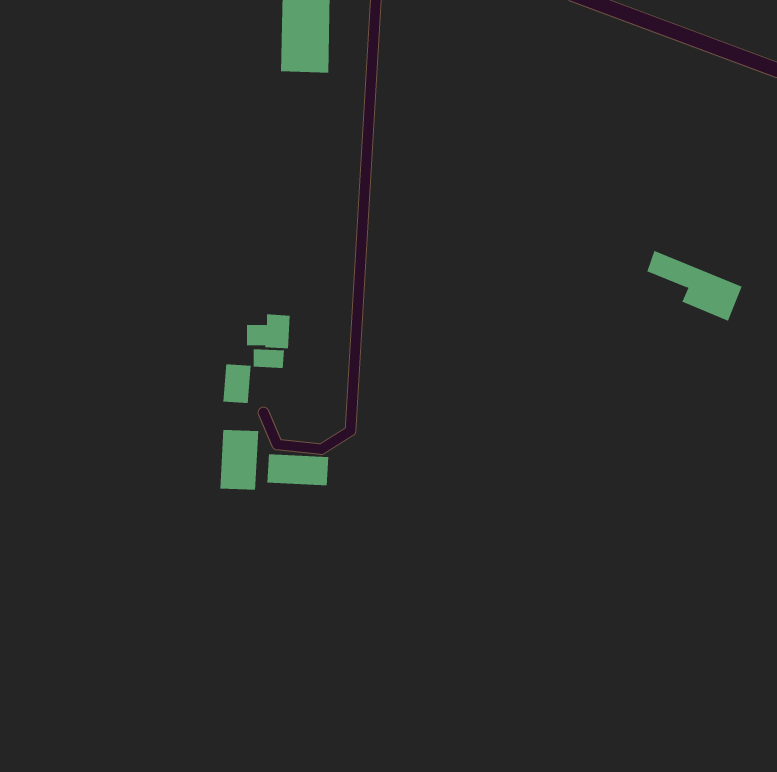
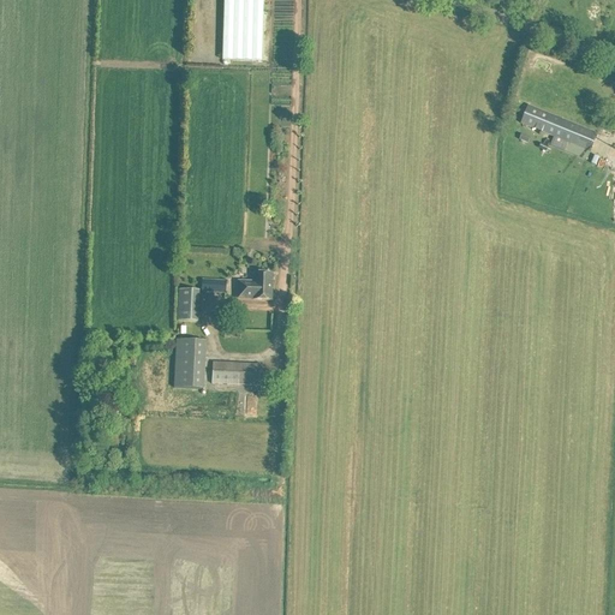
building: [646,250,742,322] -> [521,102,597,159]
building: [246,314,291,349] -> [237,271,271,299]

